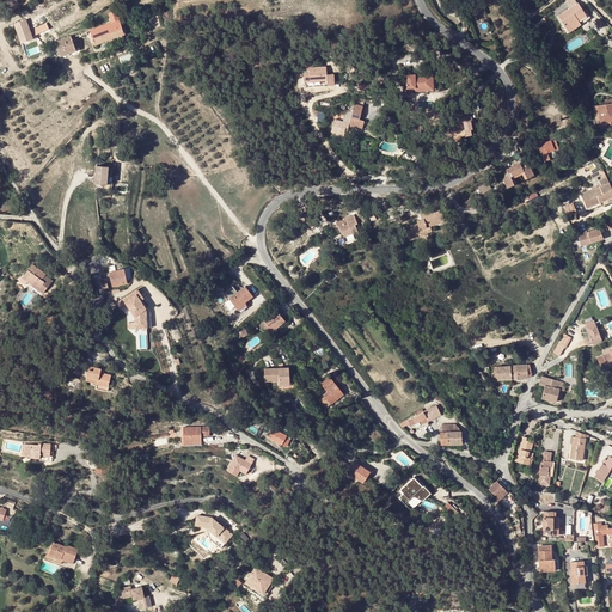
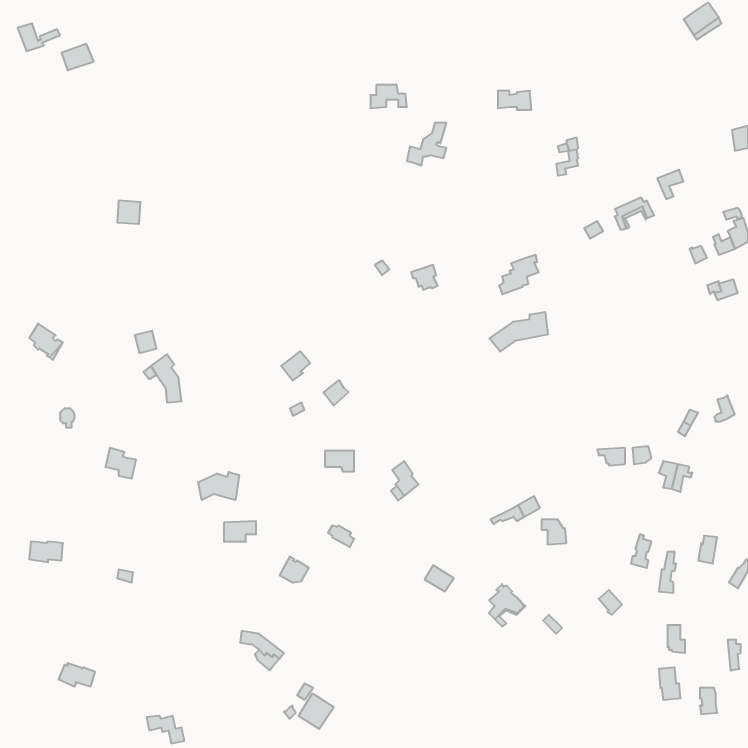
building: [91,12,126,44] -> none
building: none -> [489,312,548,352]
building: none -> [198,472,239,500]

